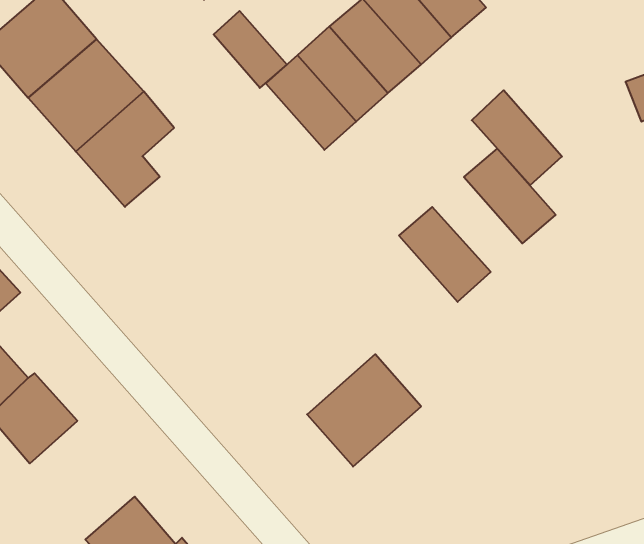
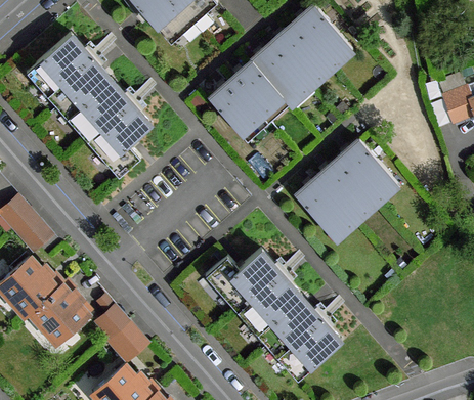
building: [214,11,287,88] -> none
building: [472,90,562,185] -> [317,157,376,218]
building: none -> [205,248,281,310]
building: none -> [94,302,149,363]
building: none -> [266,305,342,379]

